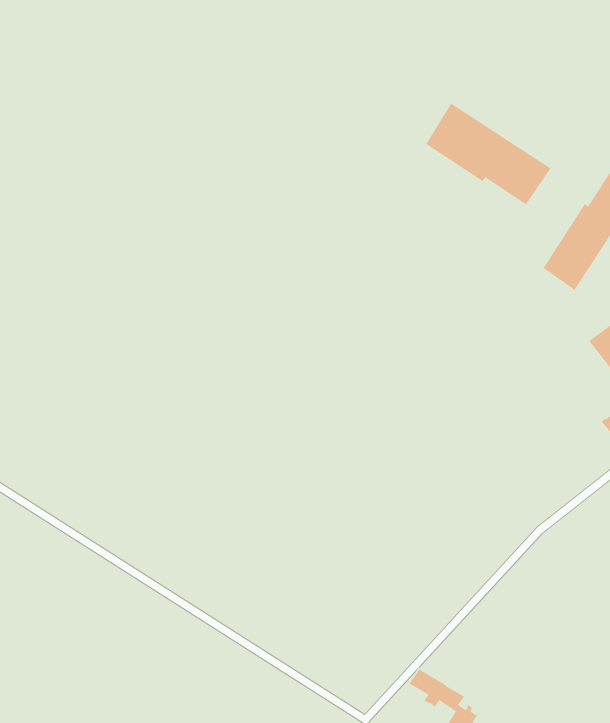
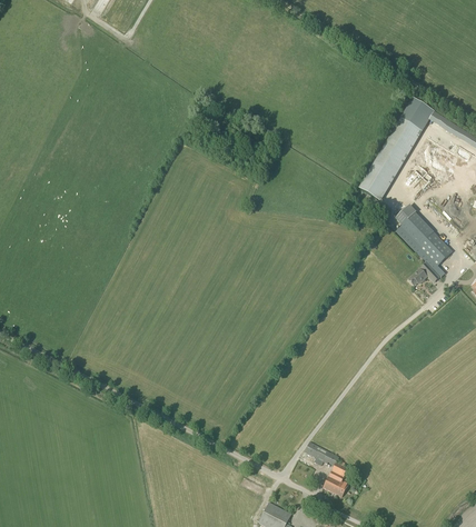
building: [425,102,552,206] -> none

